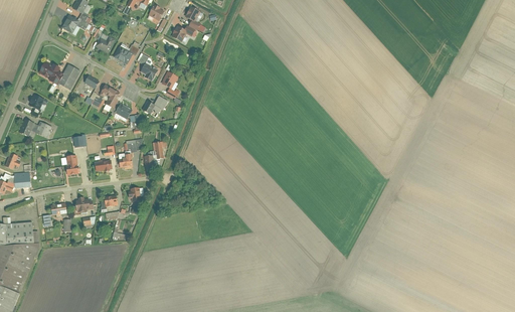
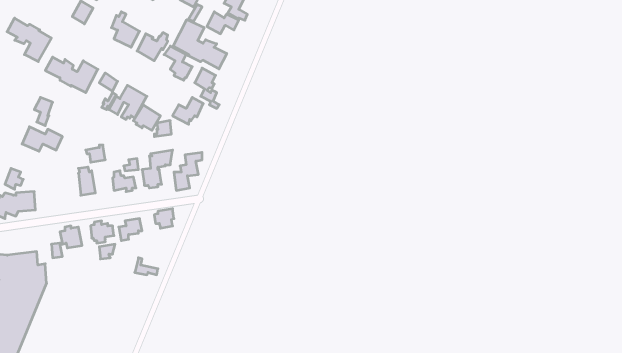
building: none -> [7,18,51,62]
building: none -> [173,20,227,69]

